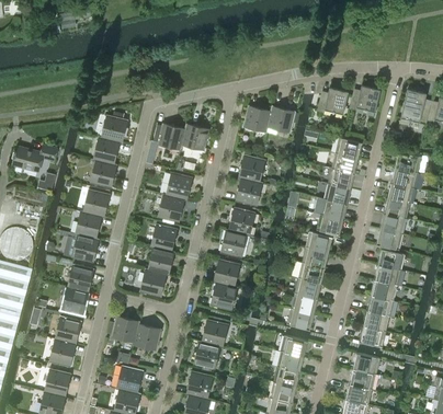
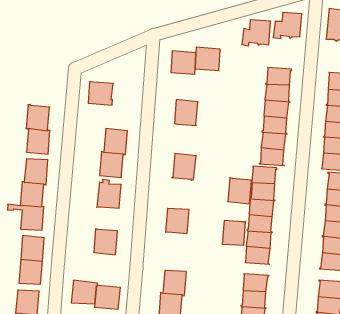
building: [101,115,127,143] -> none
building: [181,124,209,150] -> none
building: [236,179,262,206] -> none
building: [220,229,247,257] -> [228,178,251,204]
building: [148,248,174,275] -> none
building: [211,283,237,310] -> [222,220,246,245]

